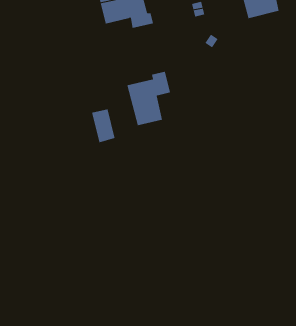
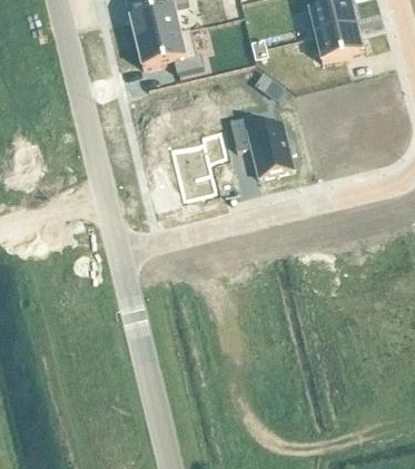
building: none -> [229,114,295,179]
building: [92,109,115,143] -> none

